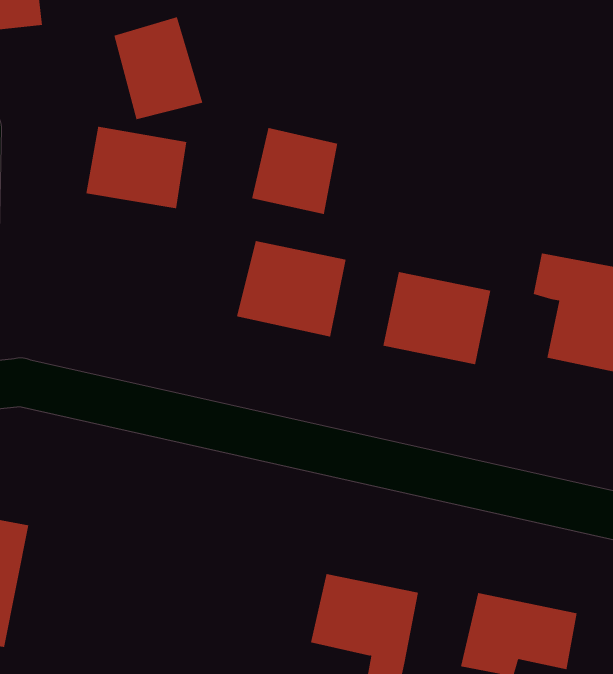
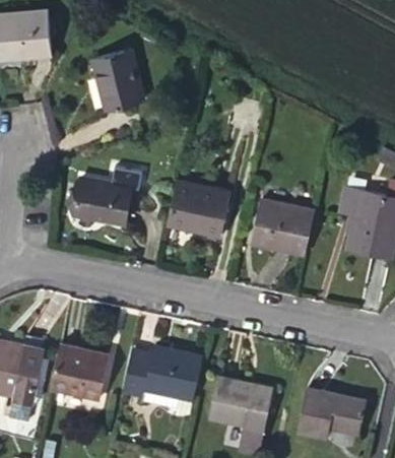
building: [85,126,187,209] -> [70,176,130,224]
building: [251,127,338,215] -> none
building: none -> [50,344,111,400]
building: none -> [123,348,202,401]

